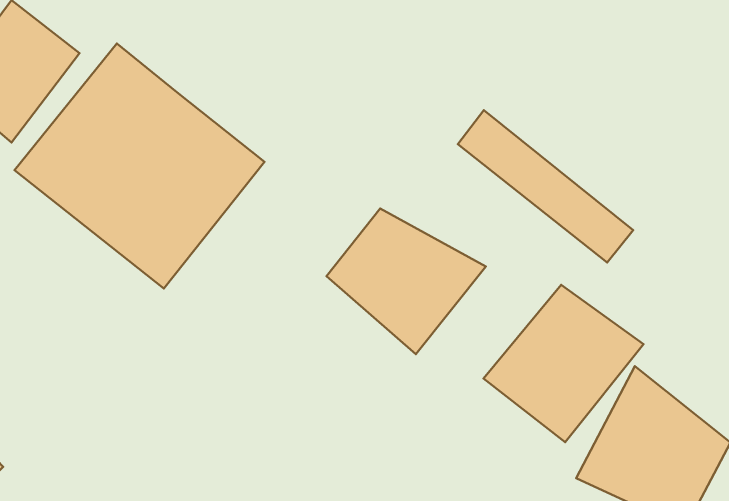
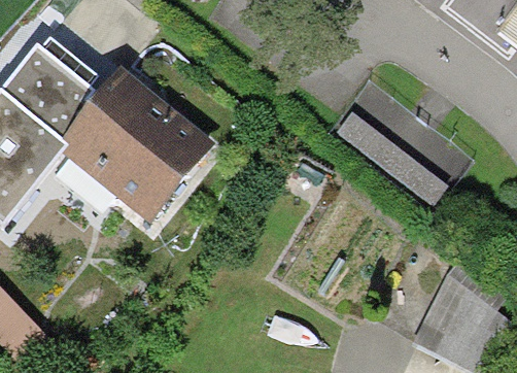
building: [327,209,486,354] -> none
building: [484,285,644,442] -> none

